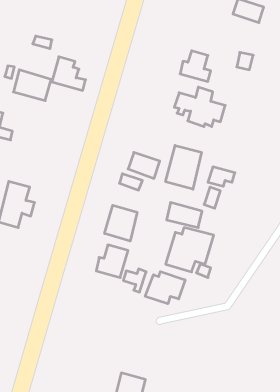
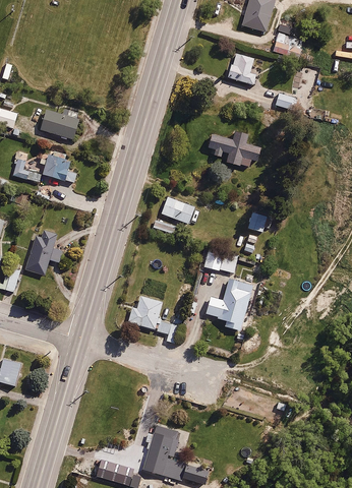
building: [180,51,211,81] -> [225,53,257,85]
building: [52,57,86,90] -> [43,148,78,184]
building: [166,145,201,189] -> none
building: [105,205,137,241] -> none
building: [145,272,185,304] -> none

